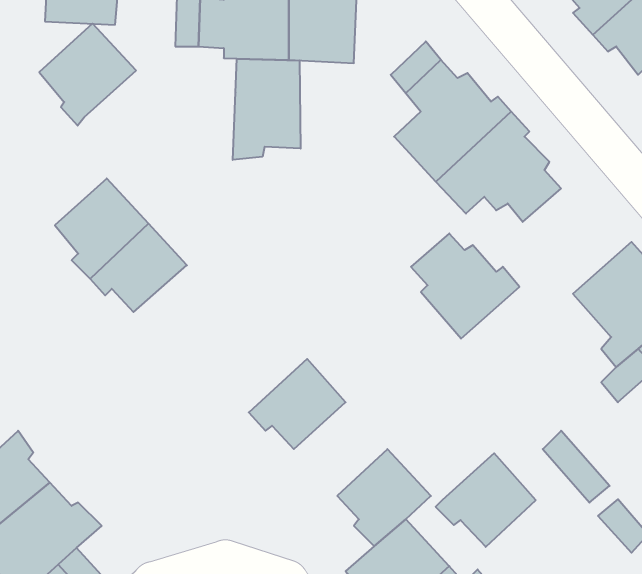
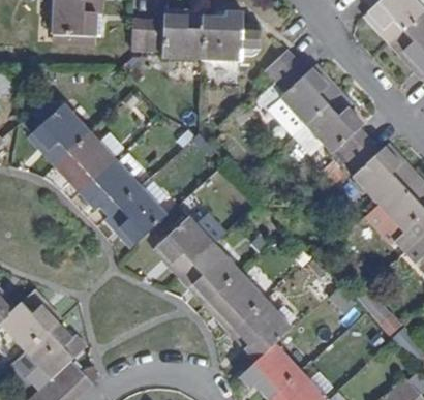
building: [39,24,136,126] -> [30,103,90,166]
building: [233,59,301,160] -> none
building: [411,233,519,339] -> [347,139,415,204]
building: none -> [104,186,165,243]
building: none -> [156,214,225,277]
building: [436,453,536,547] -> [202,271,264,329]

